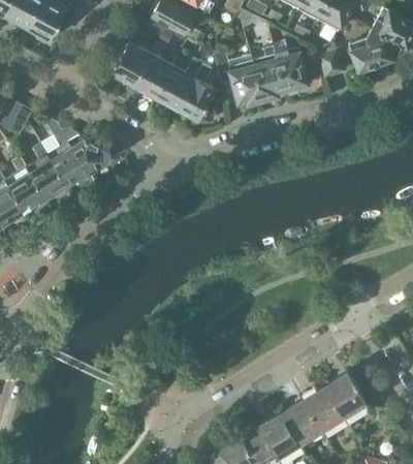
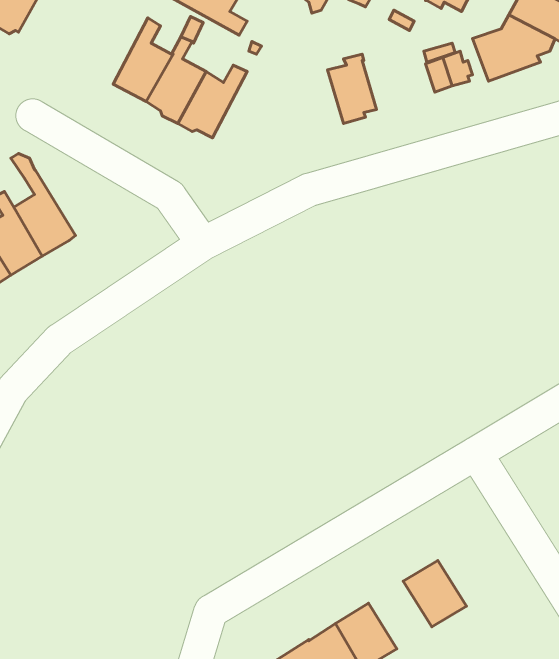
building: [276,48,308,93] -> none
building: [228,64,263,104] -> none
building: [178,66,221,122] -> none
building: [62,128,110,174] -> none
building: [325,373,367,416] -> none
building: [280,400,321,444] -> none

